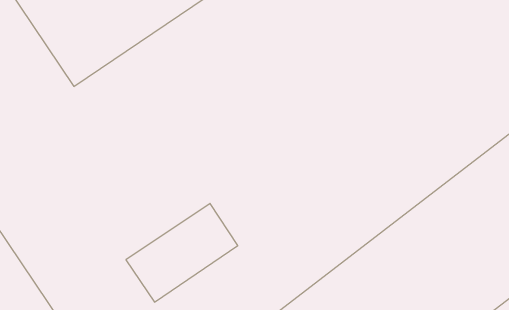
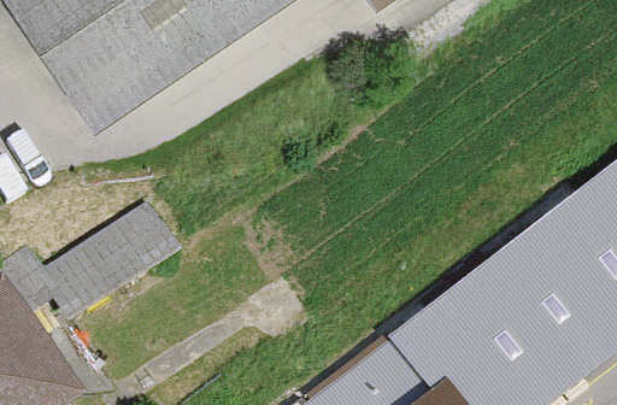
building: [126,203,238,302] -> [43,204,175,319]

